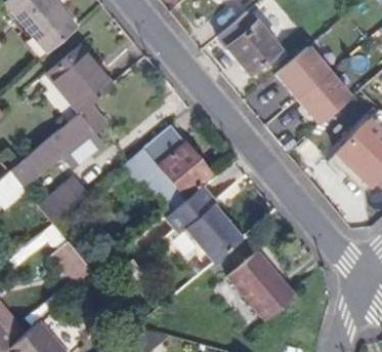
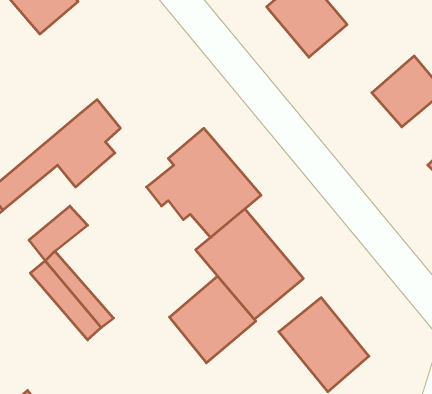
building: [277,44,330,99] -> none
building: [49,49,113,113] -> none
building: none -> [169,276,256,363]

